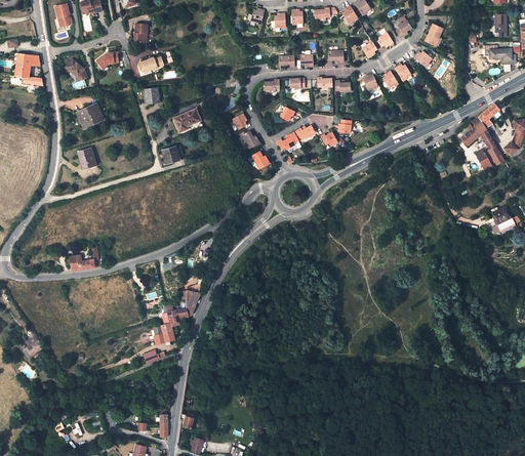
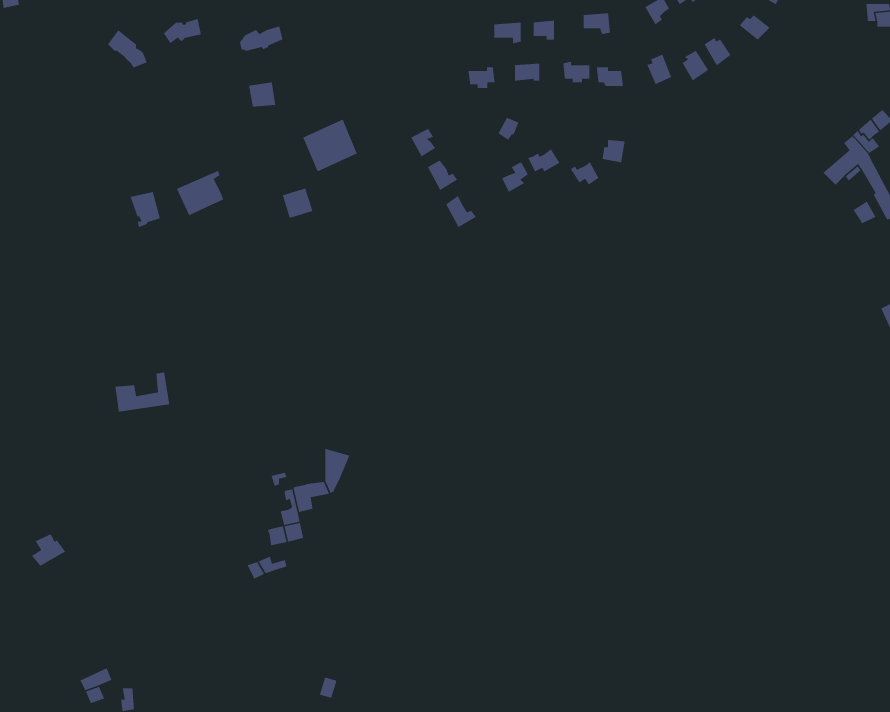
building: [15,53,40,77] -> none
building: [77,102,104,128] -> [176,170,224,216]

